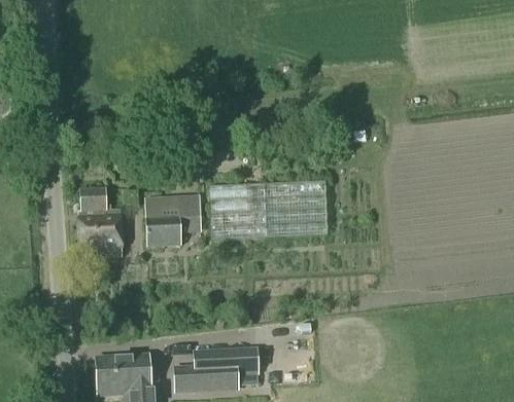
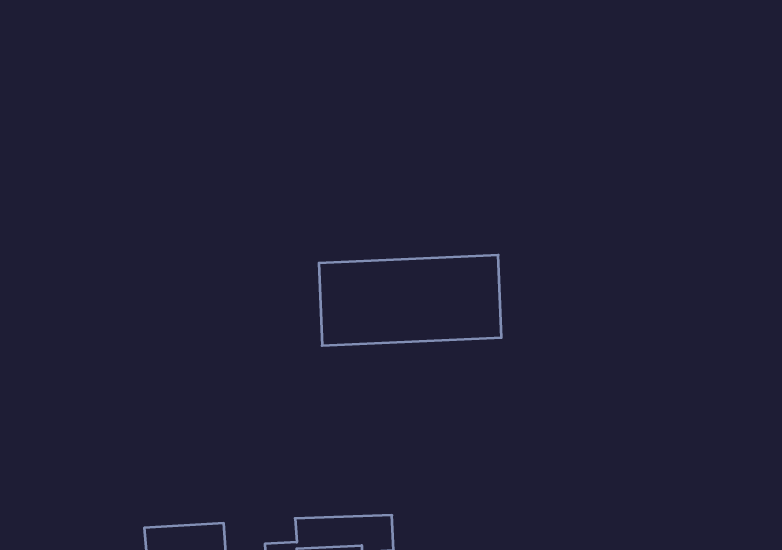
building: [78,187,123,263] -> none
building: [145,194,202,245] -> none

